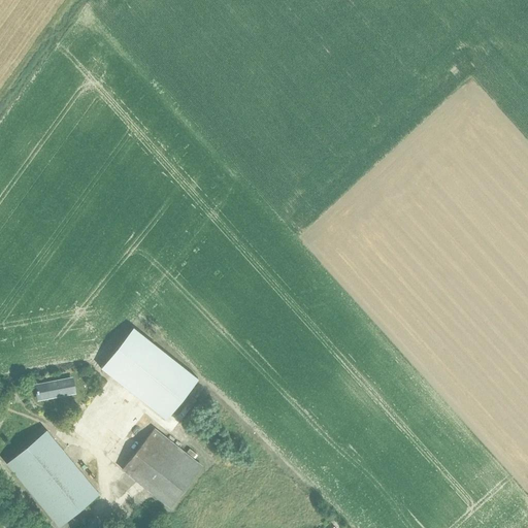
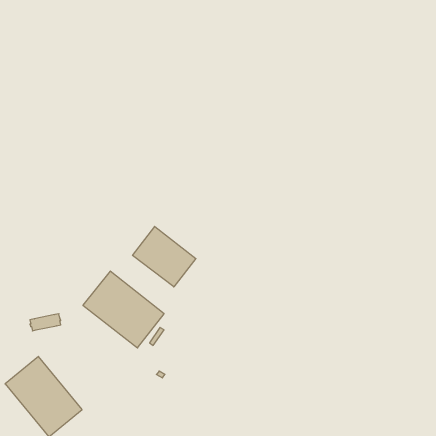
building: none -> [133,226,196,287]
building: [122,430,203,508] -> none

